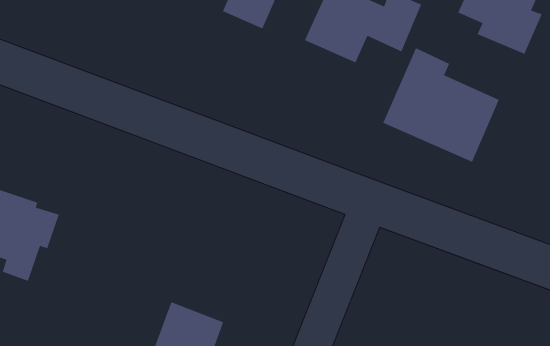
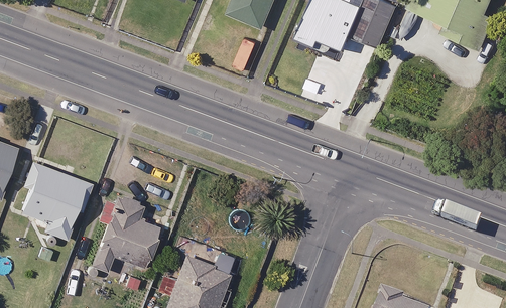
building: [382,47,500,163] -> none
building: none -> [90,193,160,271]

